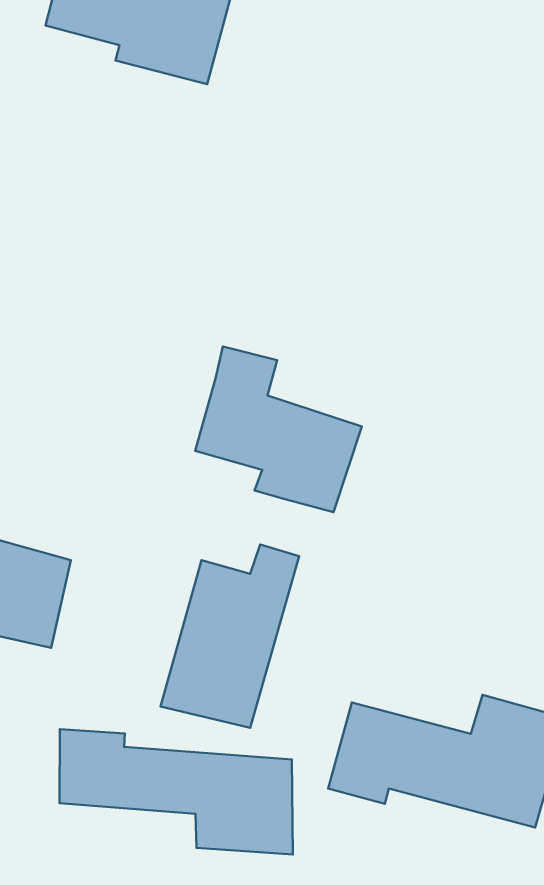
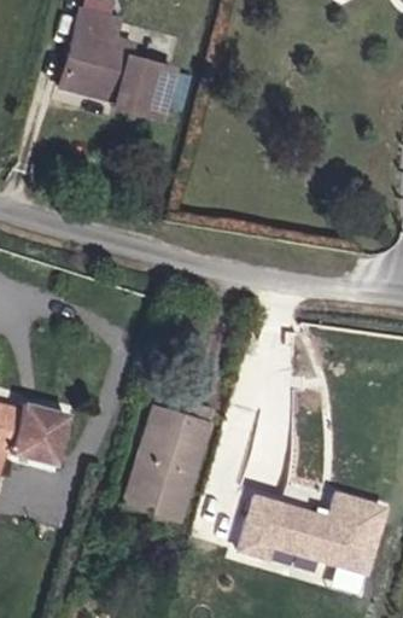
building: [195,347,362,512] -> none
building: [59,729,293,854] -> none

